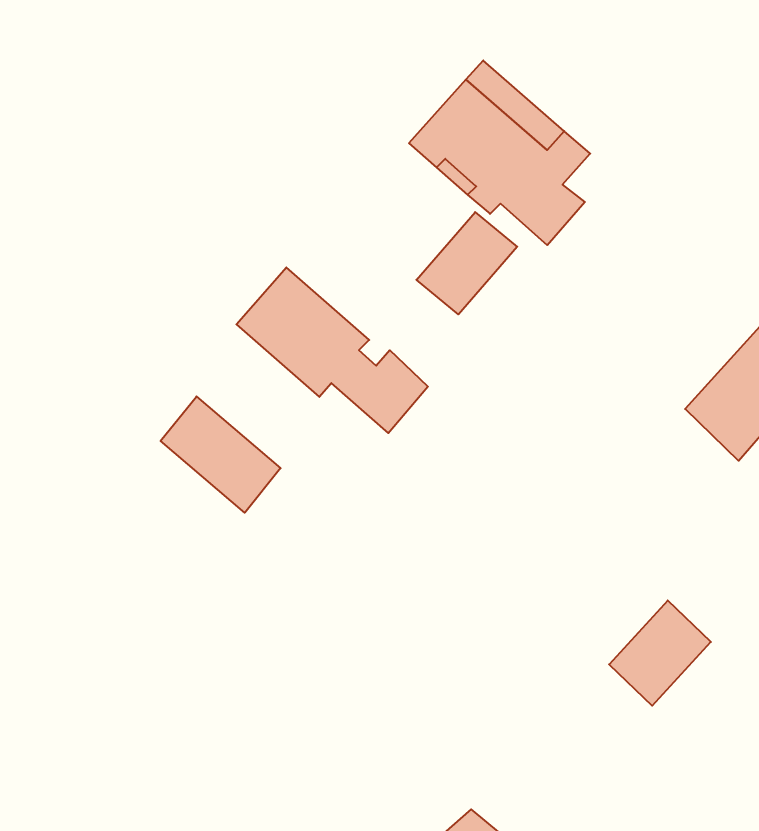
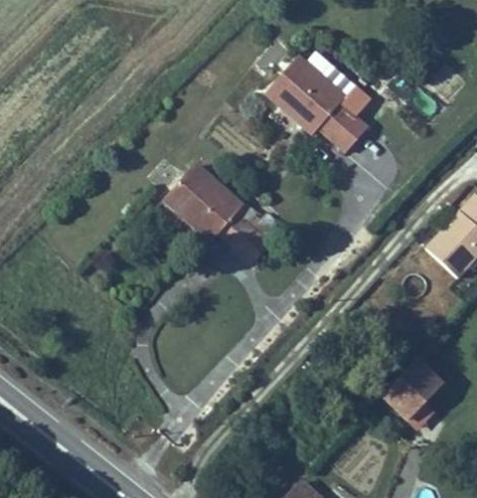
building: [416,212,517,314] -> none
building: [161,396,281,513] -> none

